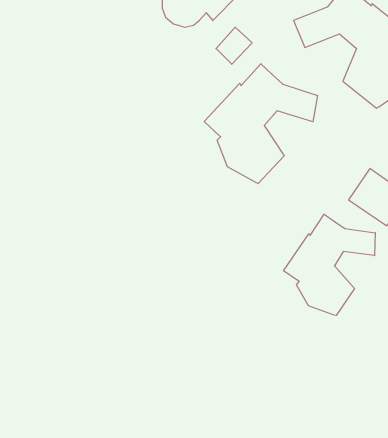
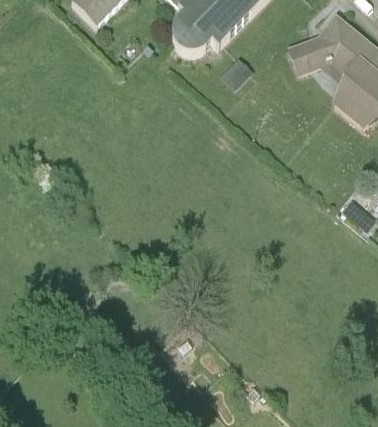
building: [204,64,318,184] -> none
building: [284,214,375,315] -> none

